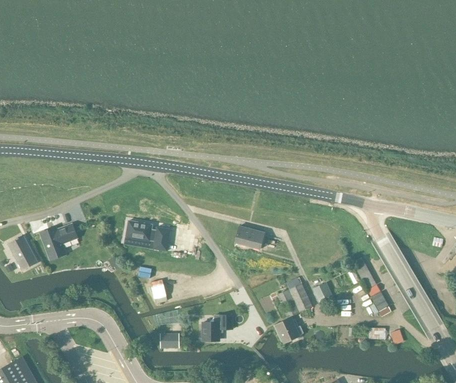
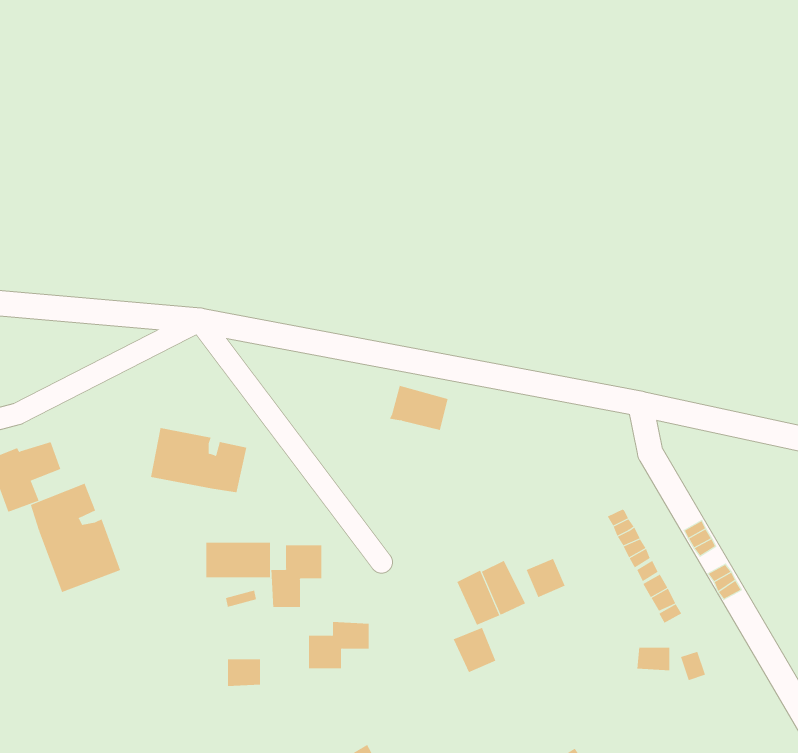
building: [234,225,264,248] -> [389,385,448,431]
building: none -> [30,483,121,593]
building: none -> [271,545,322,608]

